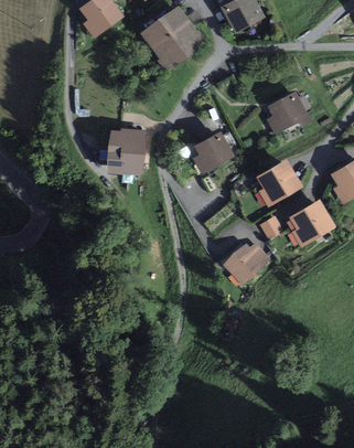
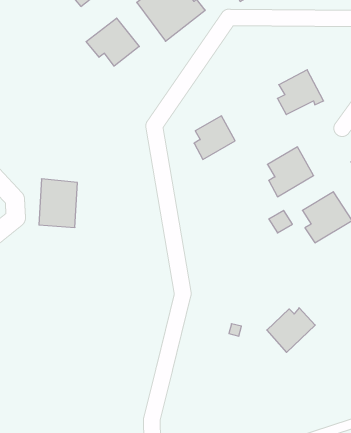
building: none -> [86,18,139,66]
building: [108,129,142,172] -> [39,179,77,227]
building: [225,243,268,282] -> [267,308,315,352]

